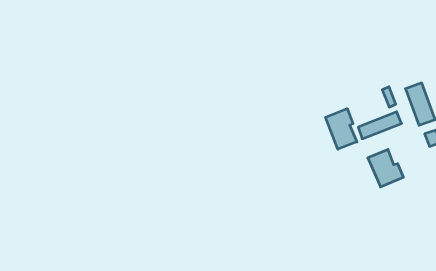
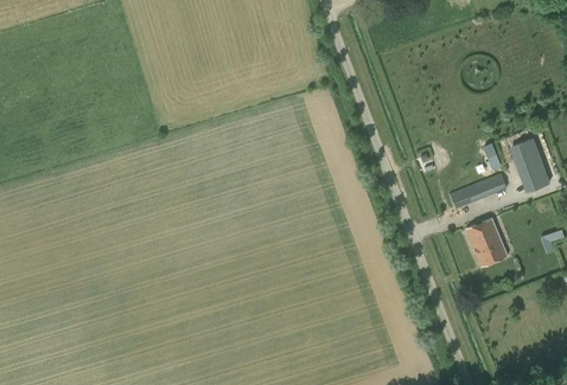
building: [326,109,357,149] -> none

